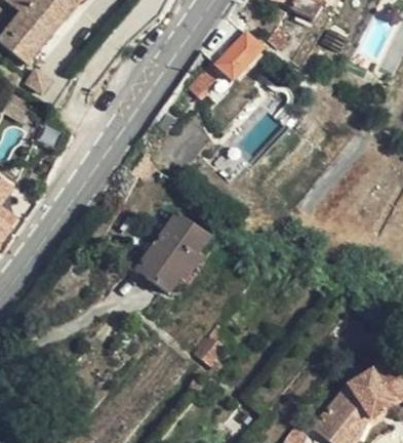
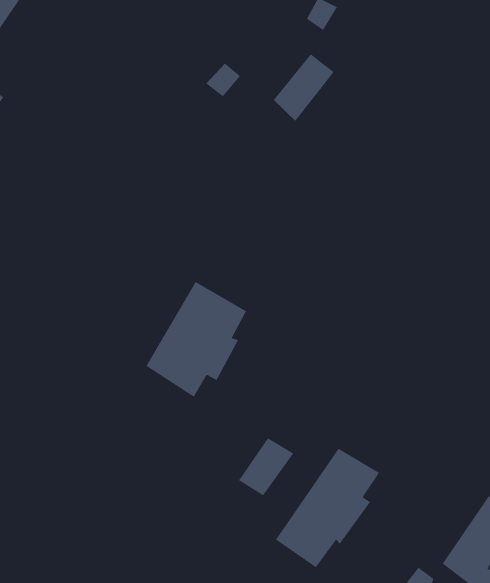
building: [215,35,259,81] -> [273,53,334,122]
building: none -> [275,448,380,568]

